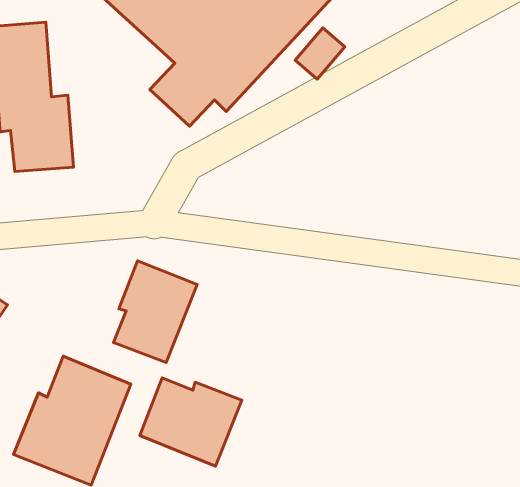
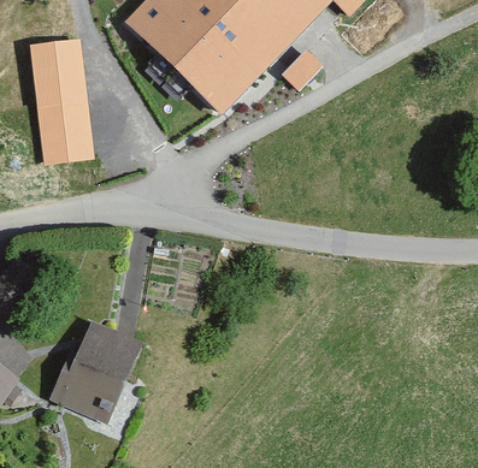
building: [114,261,197,362] -> none
building: [140,378,242,466] -> none

